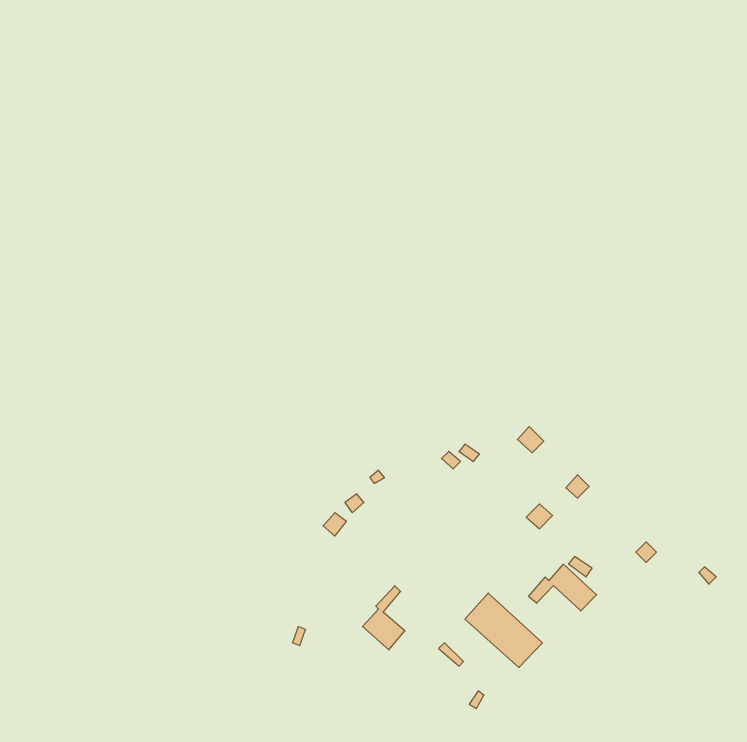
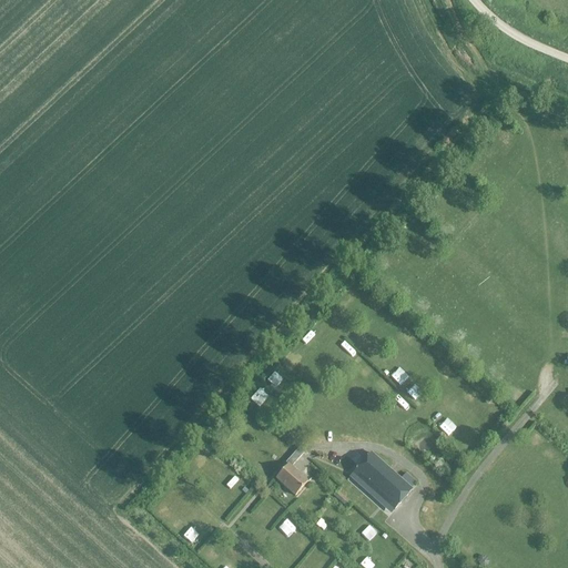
building: [528,564,597,611] -> none

